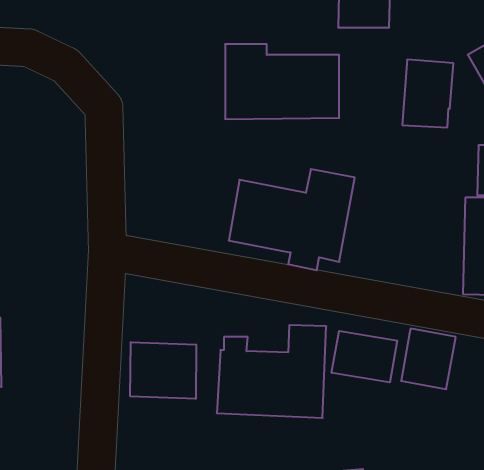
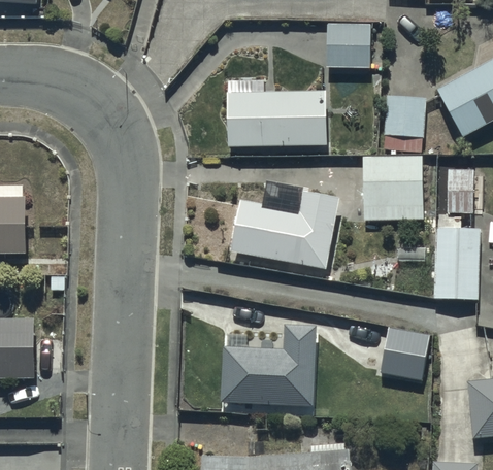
building: none -> [363,157,422,220]
building: [332,331,397,382] -> none
building: [130,342,196,399] -> none

